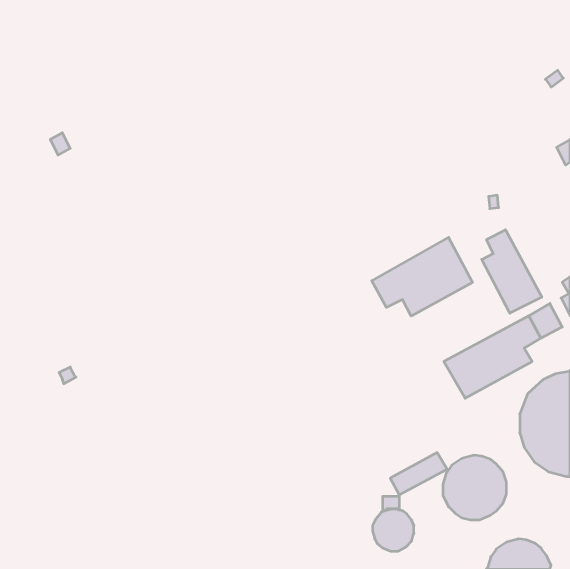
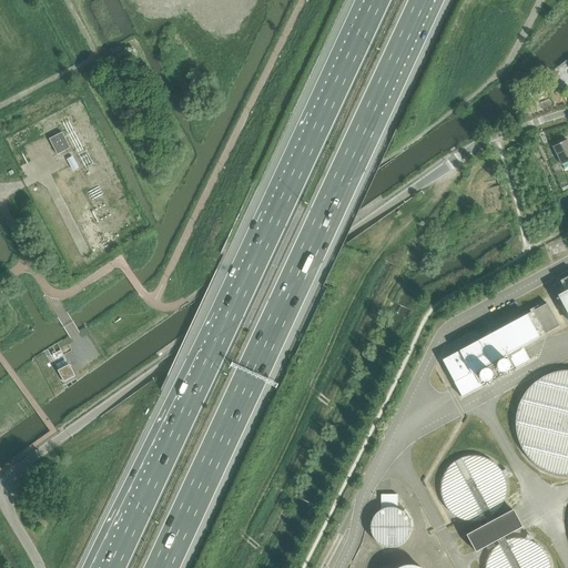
building: [482,230,542,313] -> none
building: [372,237,472,316] -> none
building: [390,453,447,495] -> [466,508,523,550]

